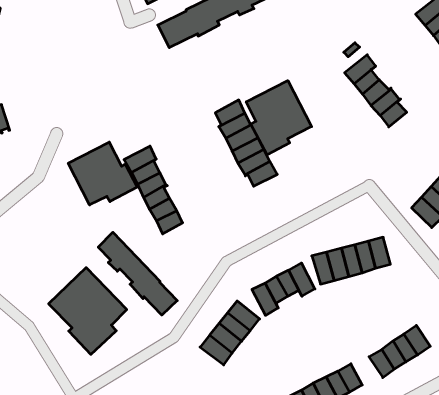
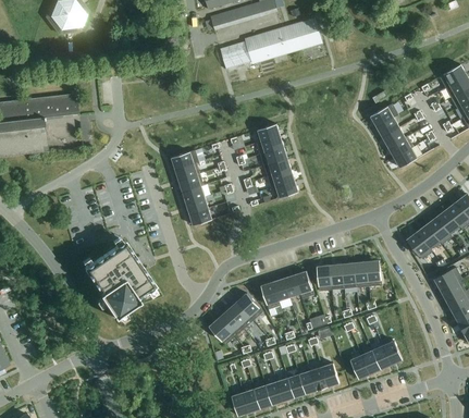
building: [246,81,312,155] -> none
building: [68,142,137,205] -> none
building: [98,232,177,315] -> none

